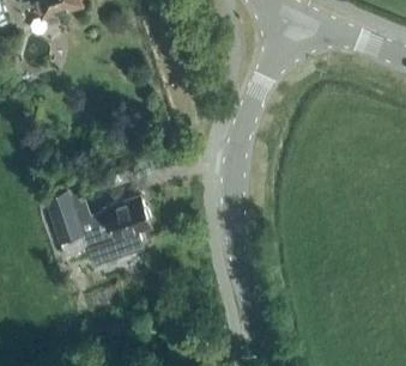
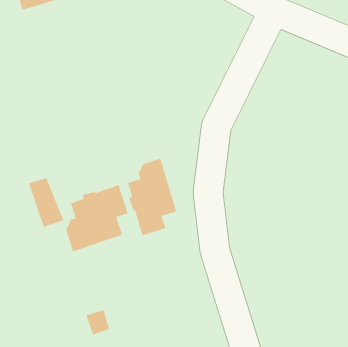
building: none -> [127,158,177,236]

